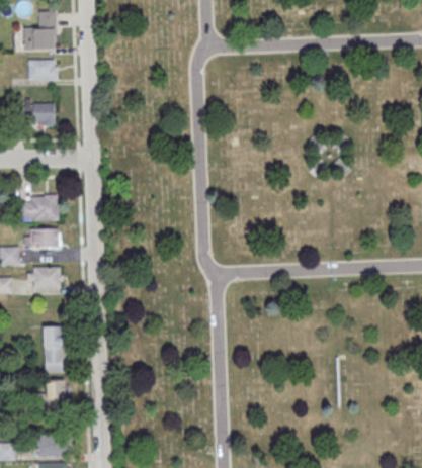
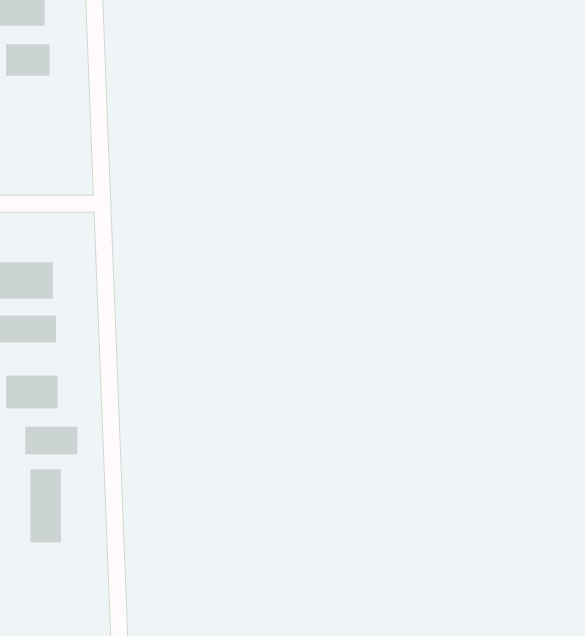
building: [30,103,54,125] -> none
building: none -> [25,426,78,455]
building: [36,380,64,419] -> none

